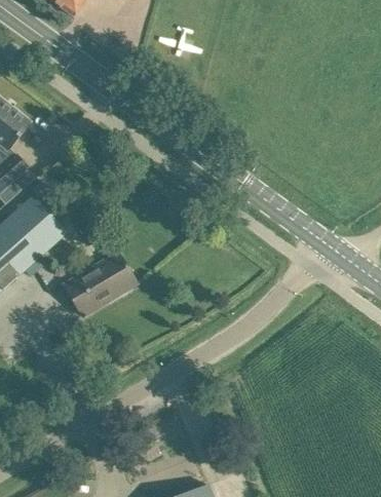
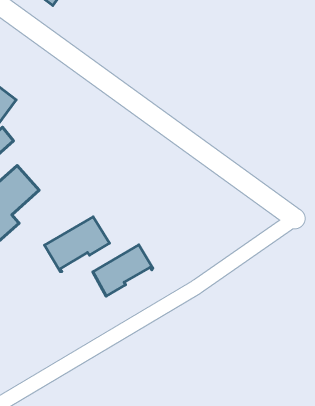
building: none -> [93,245,153,296]

